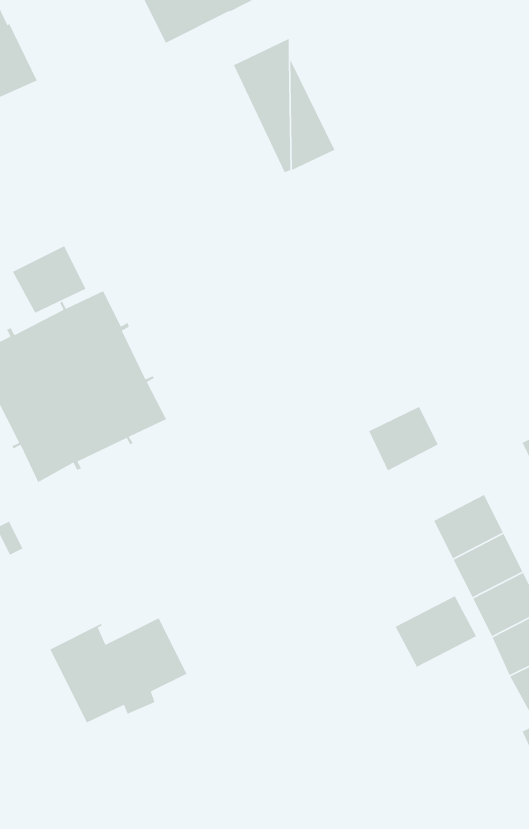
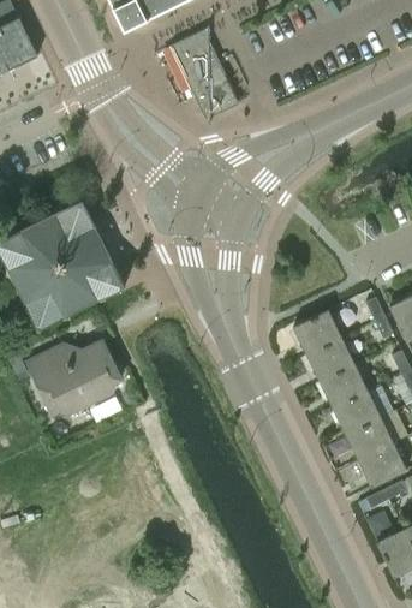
building: [12,245,87,314] -> none
building: [368,406,439,471] -> [293,311,341,356]
building: [395,595,477,668] -> none
building: [49,617,187,724] -> [28,341,121,413]

